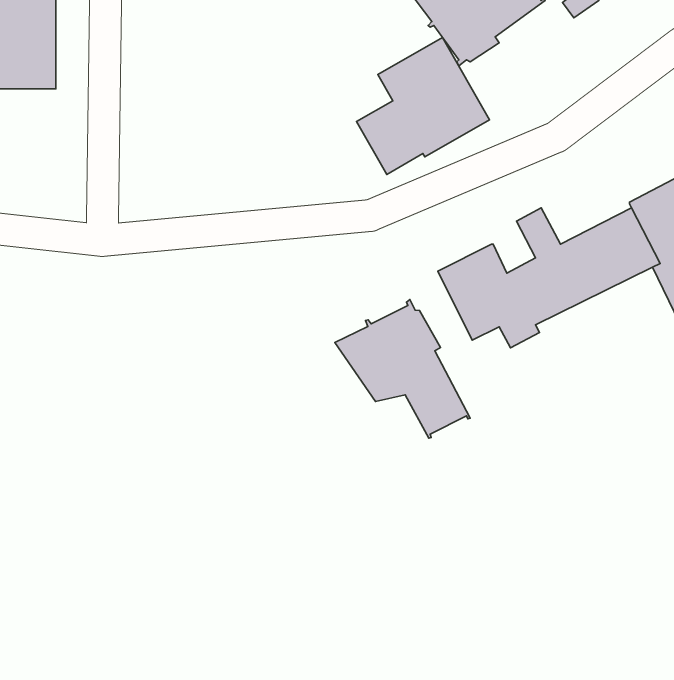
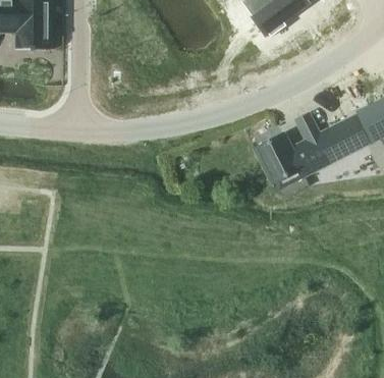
building: [357,37,490,174] -> none
building: [335,300,470,438] -> none

